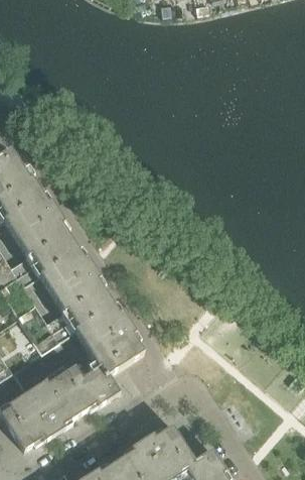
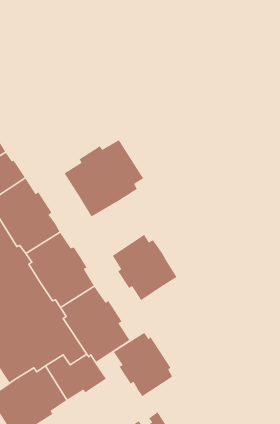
building: none -> [63,139,144,218]
building: none -> [112,234,178,301]
building: none -> [113,332,173,397]

